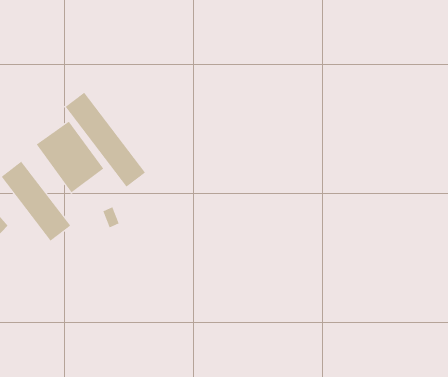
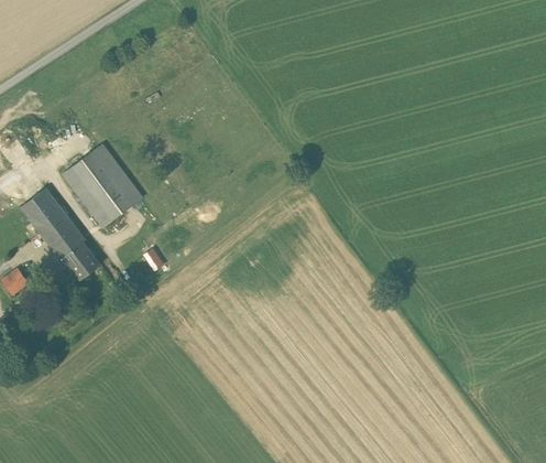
building: [65,92,146,187] -> none

